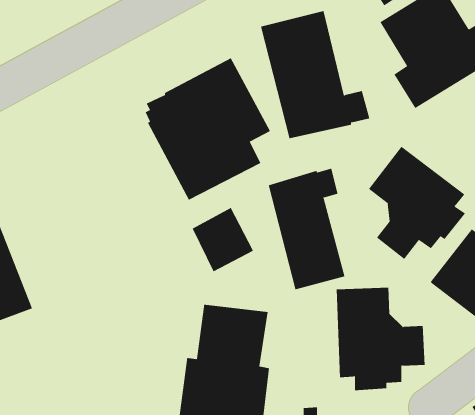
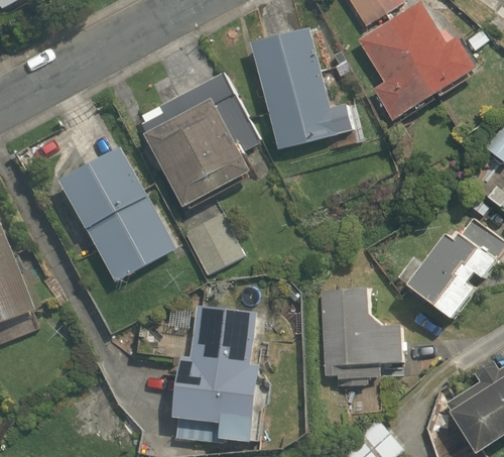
building: none -> [58,146,175,281]
building: [368,146,466,260] -> none
building: [268,168,345,290] -> none

